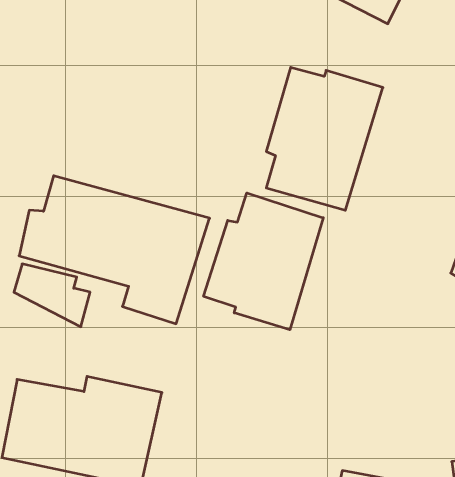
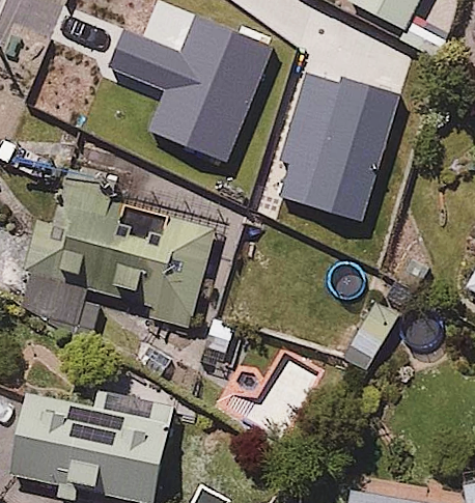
building: none -> [108,15,272,162]
building: [204,193,323,330] -> none

